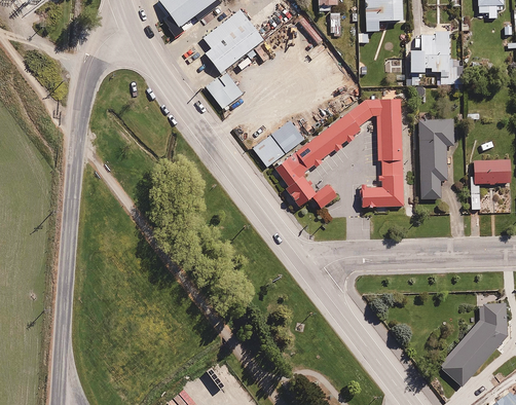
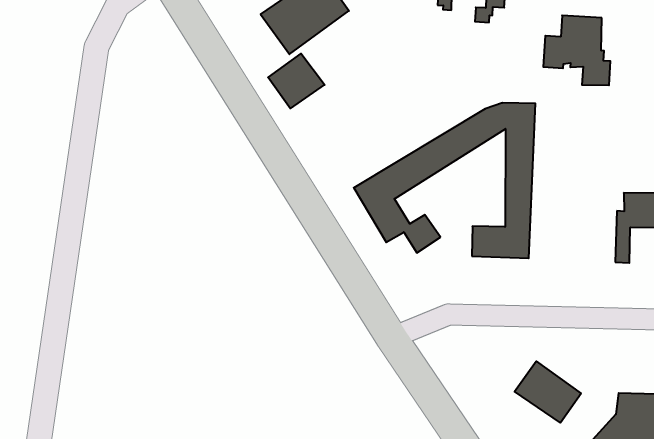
building: [415,117,453,197] -> none
building: [256,123,306,168] -> none
building: none -> [515,361,581,423]

